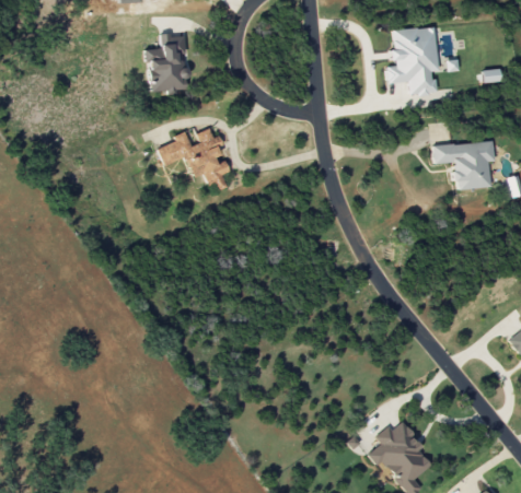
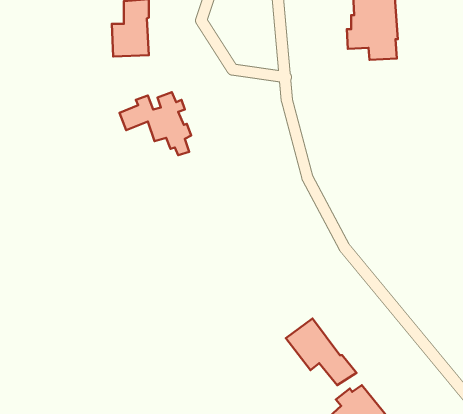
building: [432,140,496,190] -> none
building: none -> [286,318,357,385]

